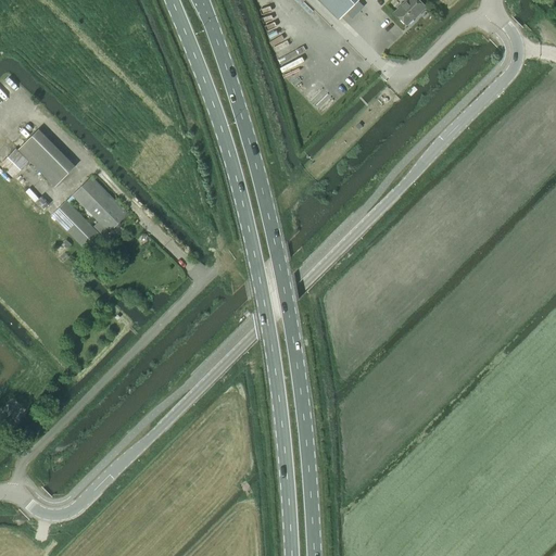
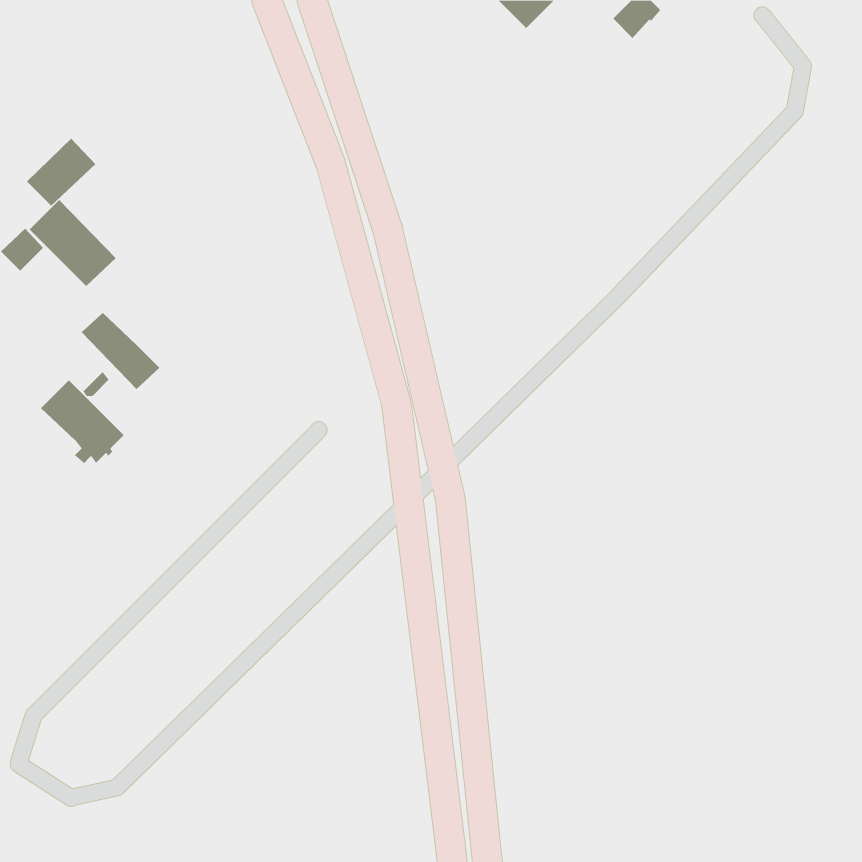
building: none -> [26,138,96,207]
building: [73,177,127,231] -> [40,379,125,464]

